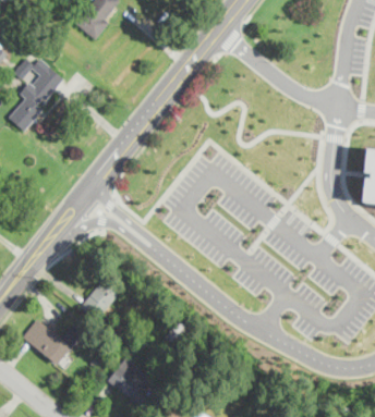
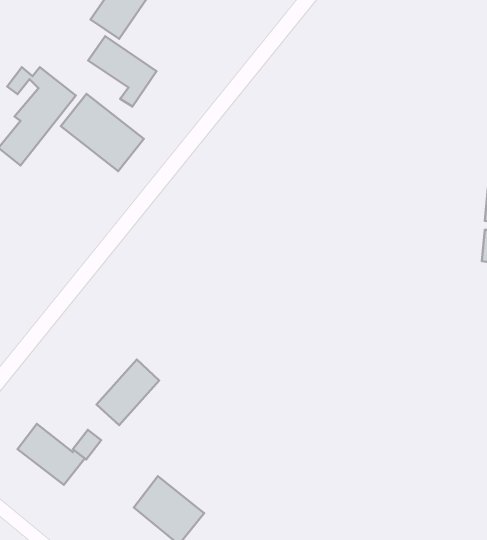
building: none -> [88,36,156,107]
building: none -> [61,94,144,171]

